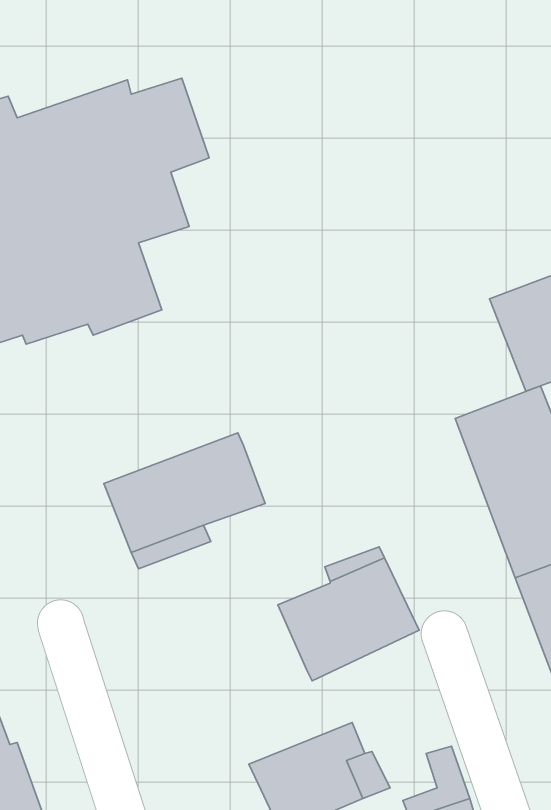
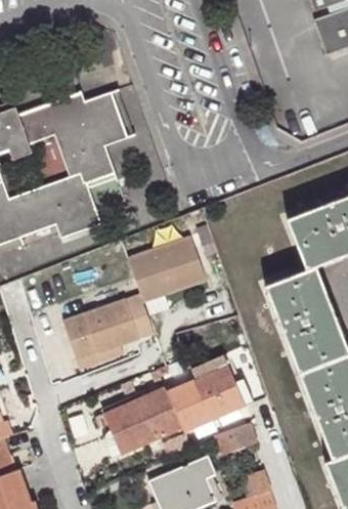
building: none -> [129,236,207,300]
building: none -> [103,386,181,454]
building: none -> [213,423,257,455]

